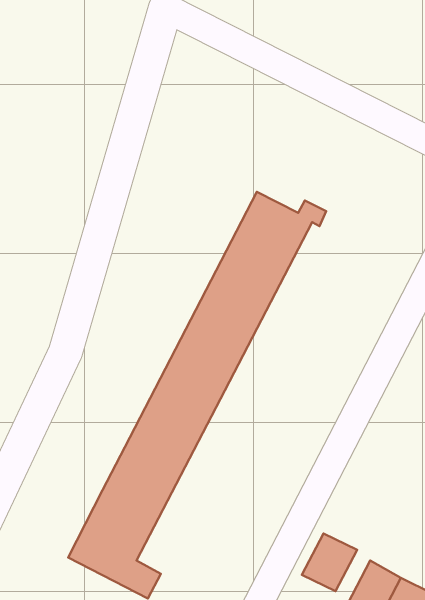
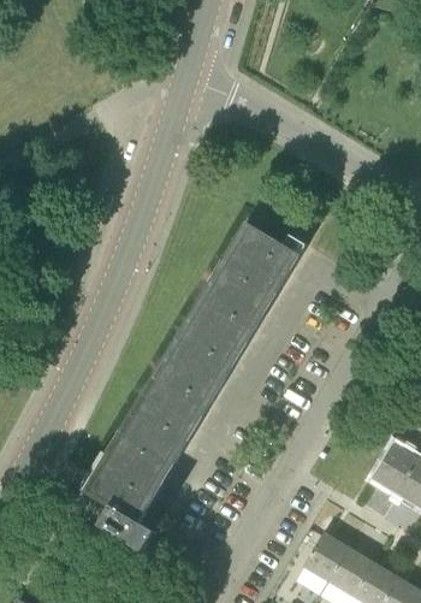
building: [302,534,357,591] -> none

